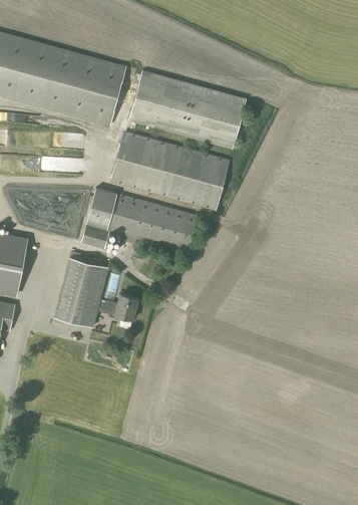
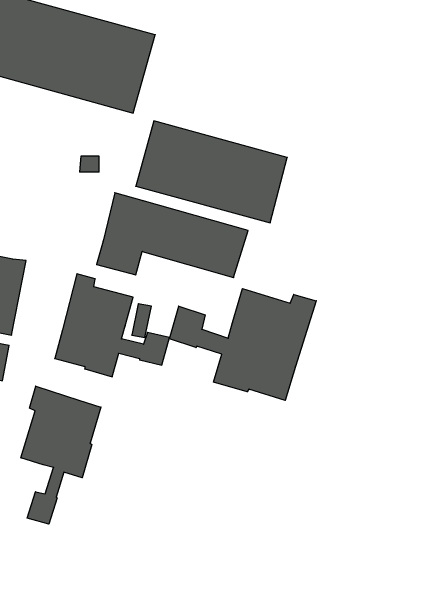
building: [129,70,247,149] -> none
building: none -> [169,289,316,400]
building: none -> [21,386,101,524]

